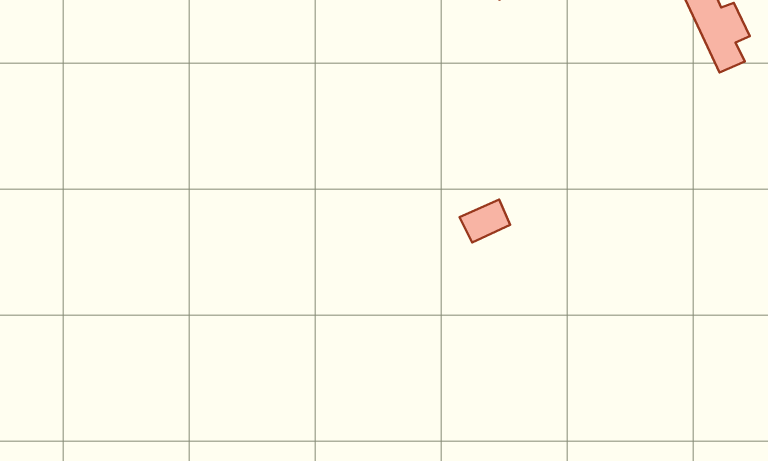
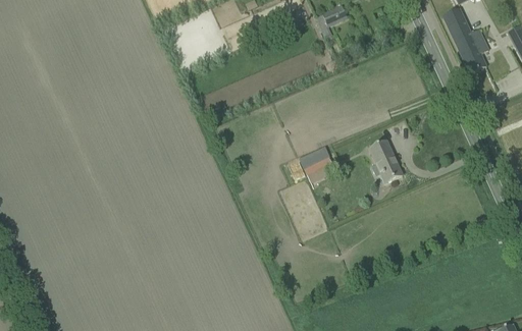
building: none -> [370,140,402,181]

